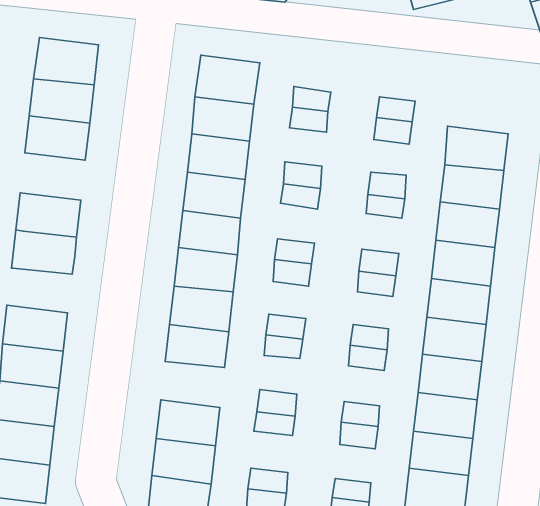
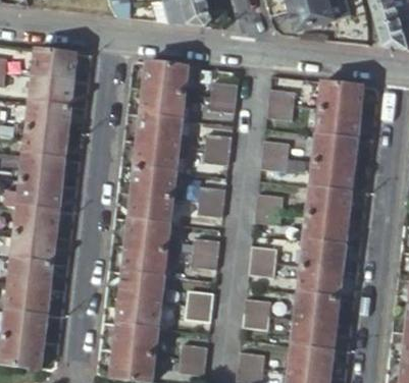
building: none -> [318,79,363,113]
building: none -> [23,126,68,159]
building: none -> [14,206,59,236]
building: none -> [120,270,164,302]

